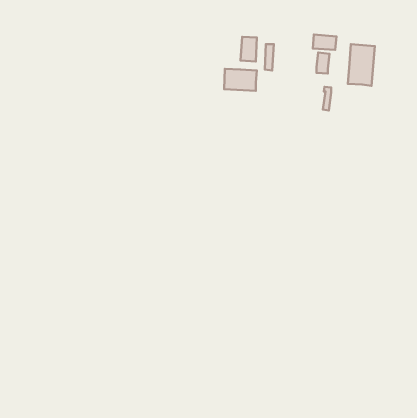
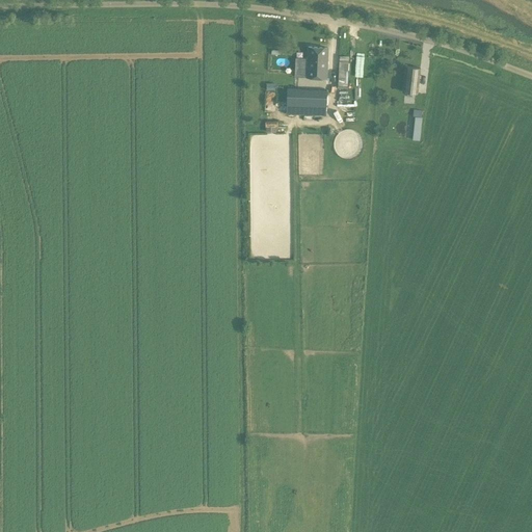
building: [313,34,336,50] -> none
building: [348,44,375,86] -> none

